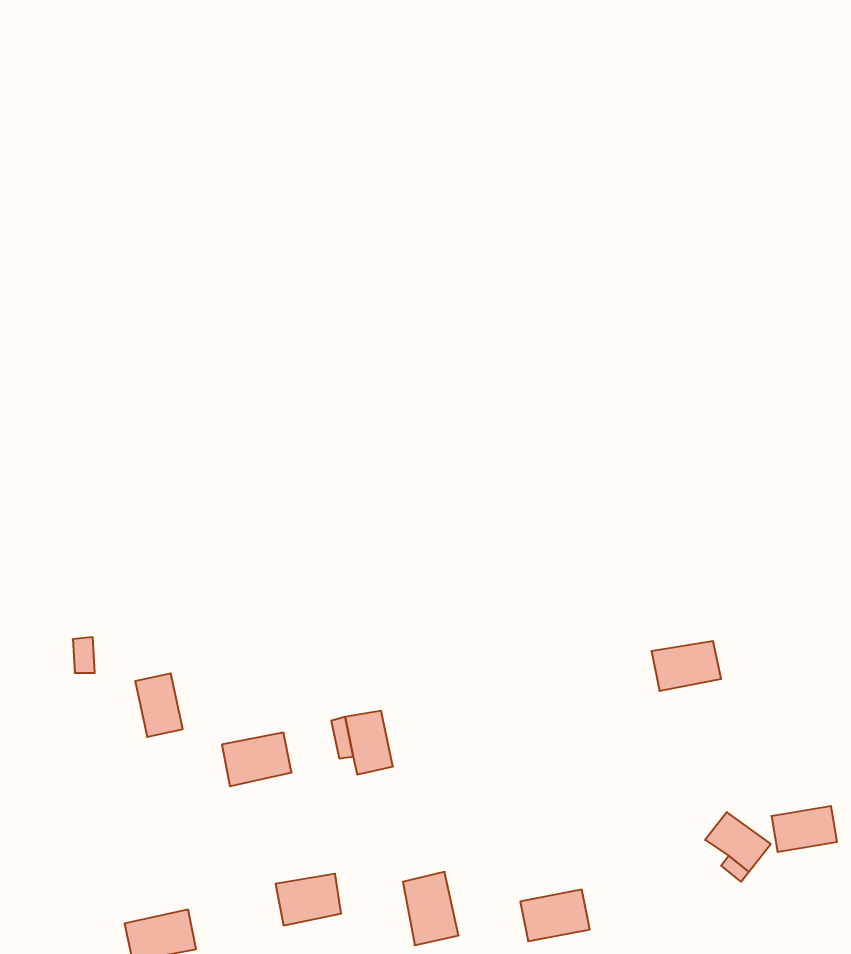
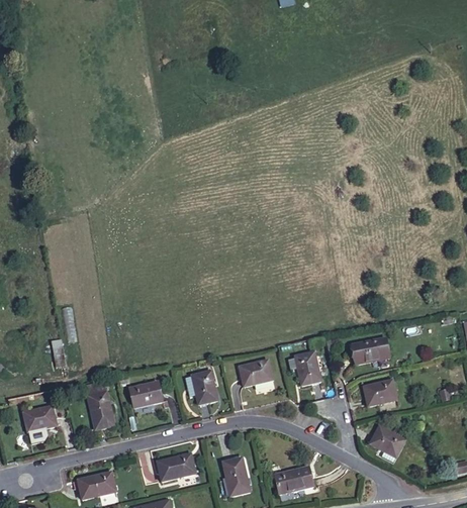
building: none -> [291,351,316,382]
building: [135,673,183,737] -> [87,393,111,425]
building: none -> [237,361,270,387]
building: none -> [28,405,64,431]
building: [771,806,837,852] -> [364,380,397,403]

